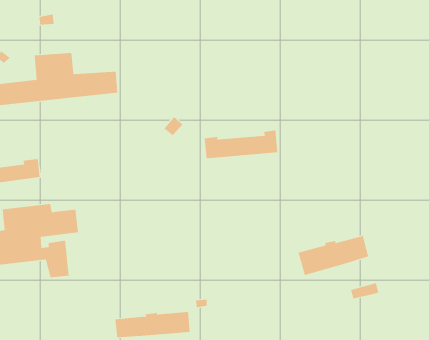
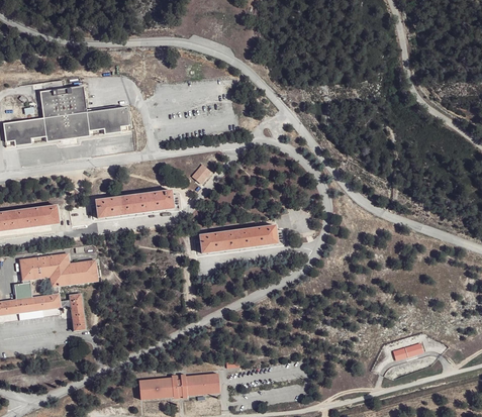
building: [204,130,278,159] -> [198,220,278,251]
building: none -> [96,188,178,219]
building: [298,235,369,276] -> none

